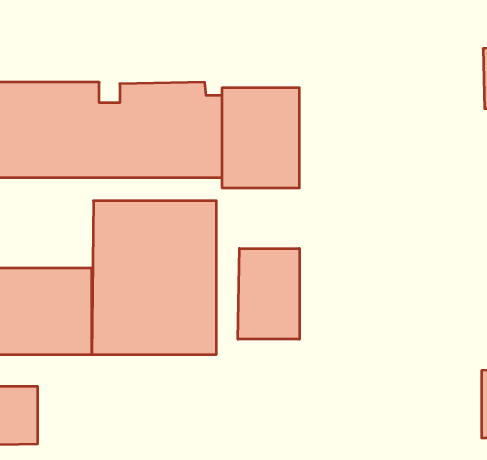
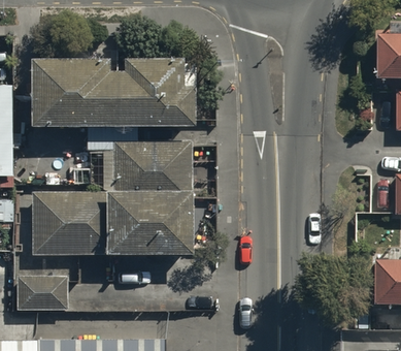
building: [222,88,299,188] -> none
building: [238,248,299,339] -> none

